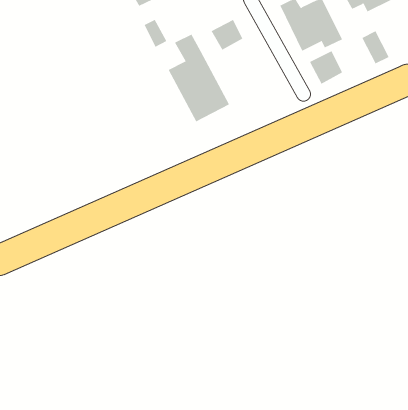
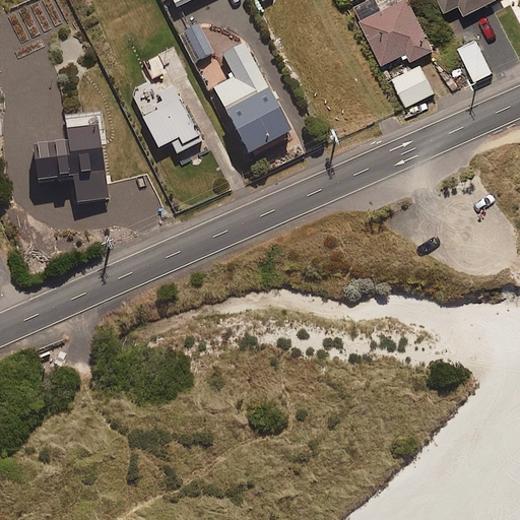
building: [211,19,243,50] -> none
building: none -> [141,99,201,155]
building: none -> [31,111,112,203]

